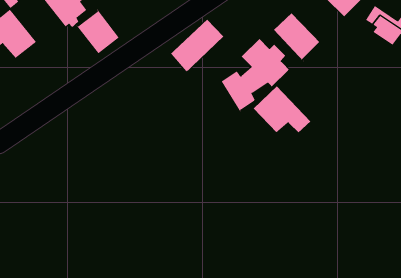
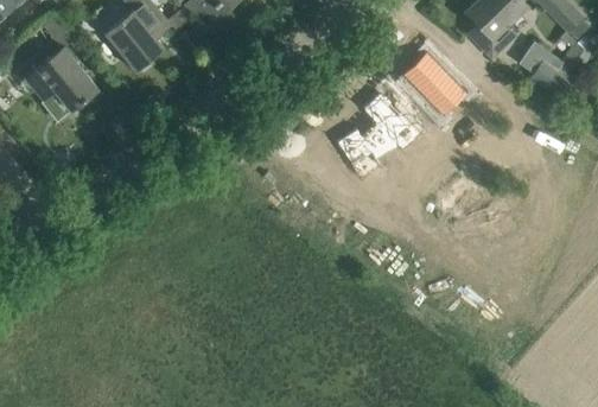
building: [76,9,119,54] -> none
building: [168,19,224,74] -> none
building: [253,85,311,133] -> none

